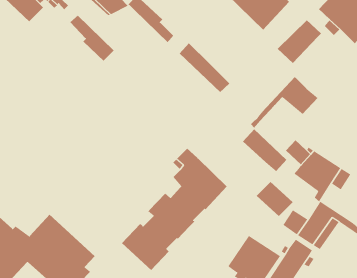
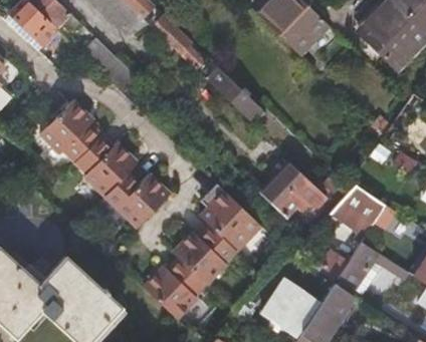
building: [277,19,322,64] -> none
building: none -> [41,99,173,225]
building: [250,76,318,129] -> none
building: [256,181,294,217] -> [260,177,301,216]

